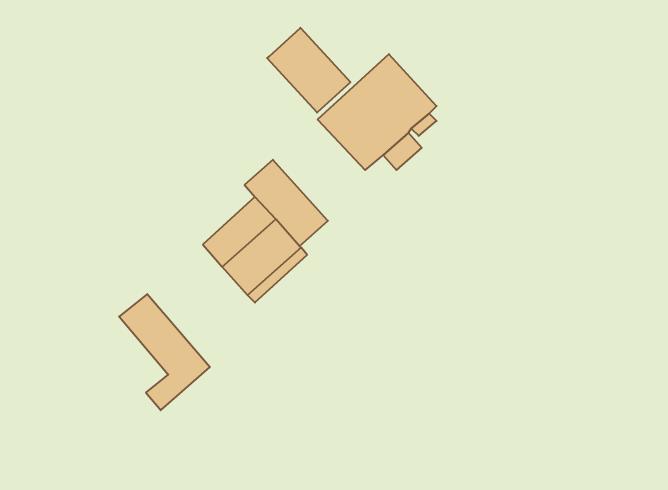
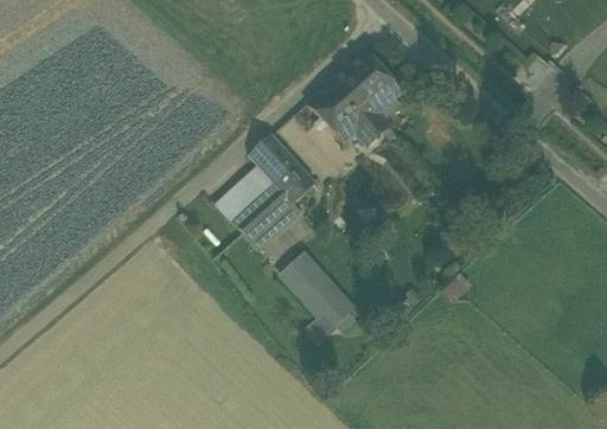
building: [267,28,350,113] -> none
building: [119,294,210,410] -> [283,250,356,342]

